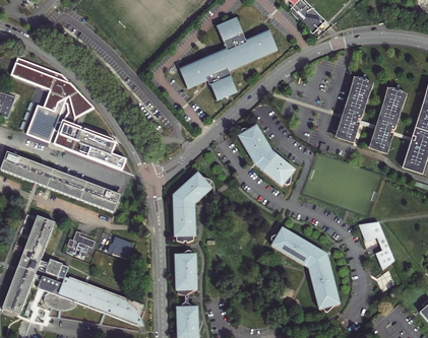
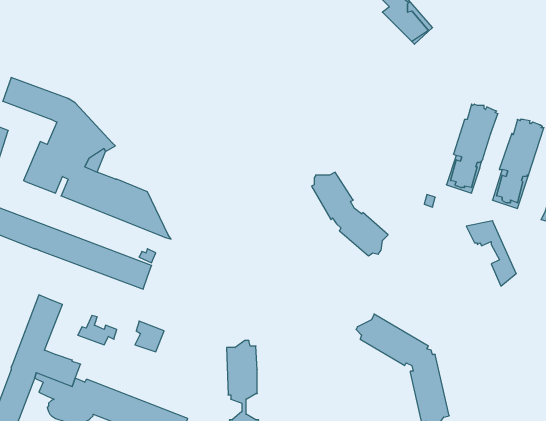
building: [179,18,277,99] -> none
building: [174,171,211,240] -> none
building: [359,220,395,268] -> [466,221,516,286]

